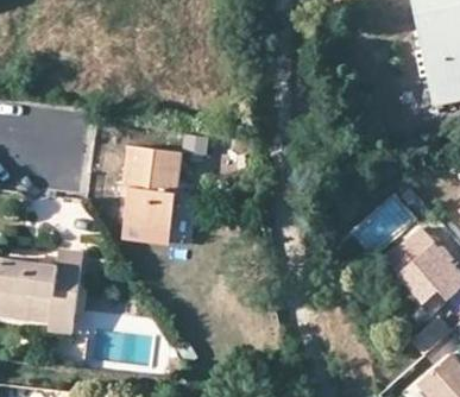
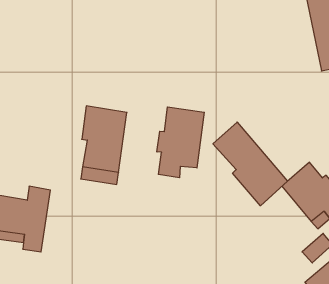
building: none -> [157,107,204,178]
building: none -> [213,122,288,206]

